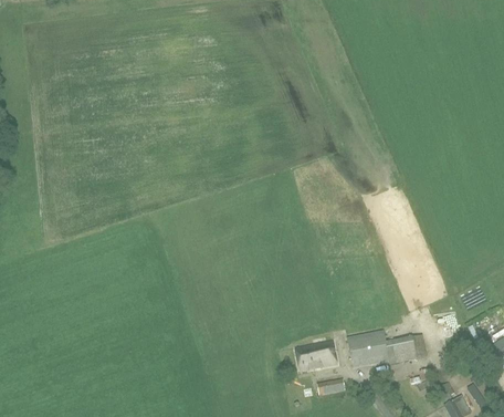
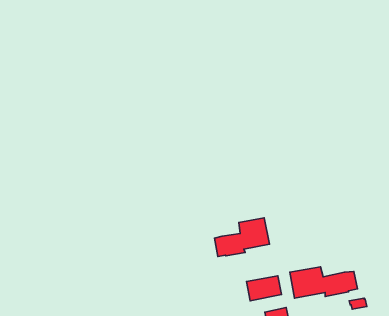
building: none -> [215,218,269,256]

